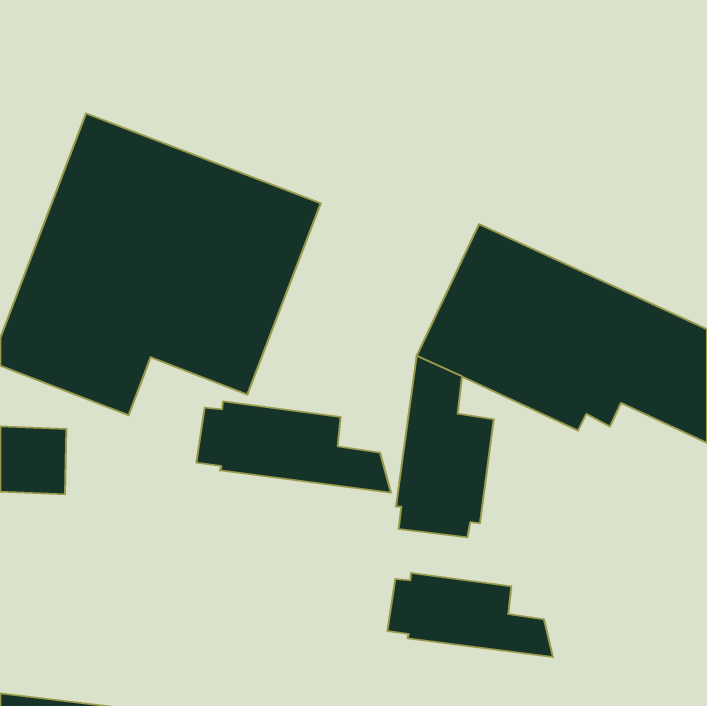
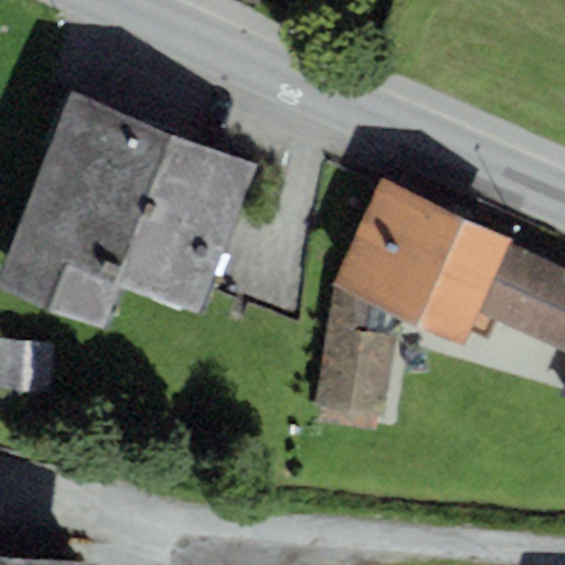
building: [196,401,391,493] -> none
building: [388,573,553,657] -> none

